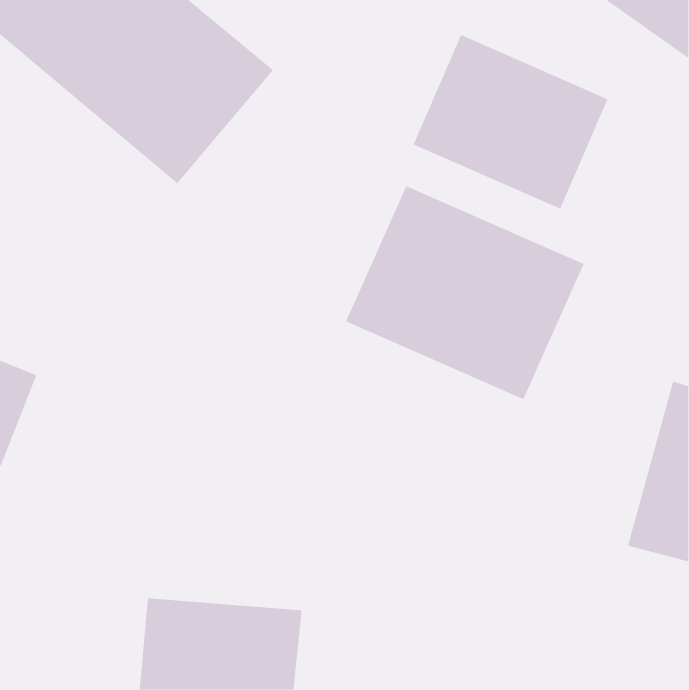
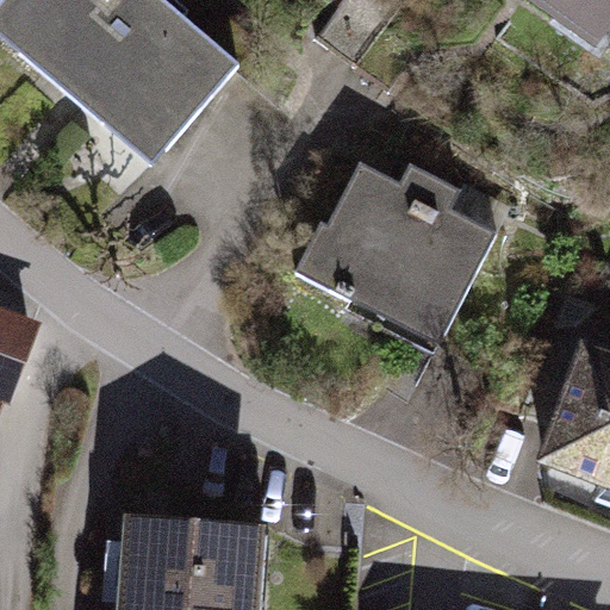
building: [413,34,608,209] -> none

